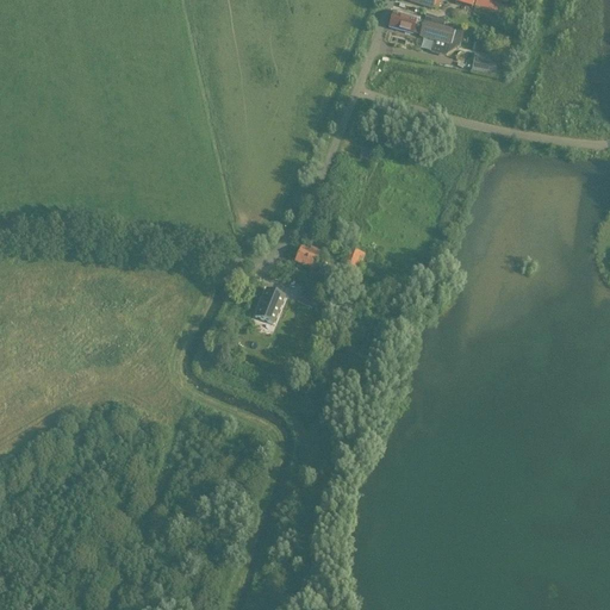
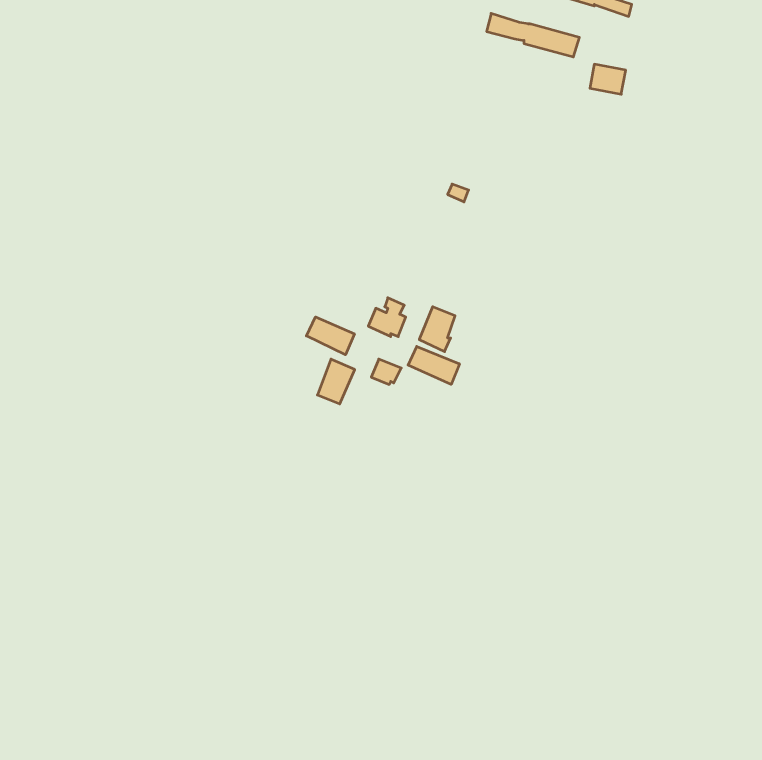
building: none -> [306,317,354,355]
building: none -> [408,346,459,384]

